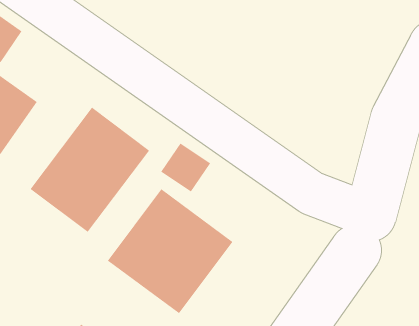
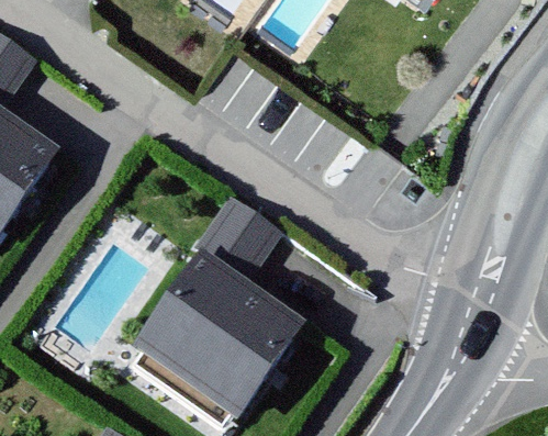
building: [30,107,150,233] -> none

